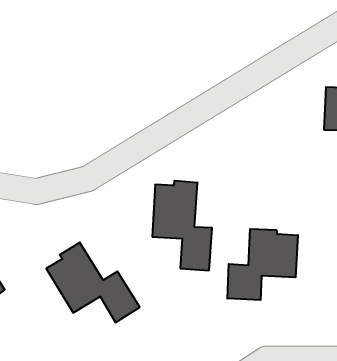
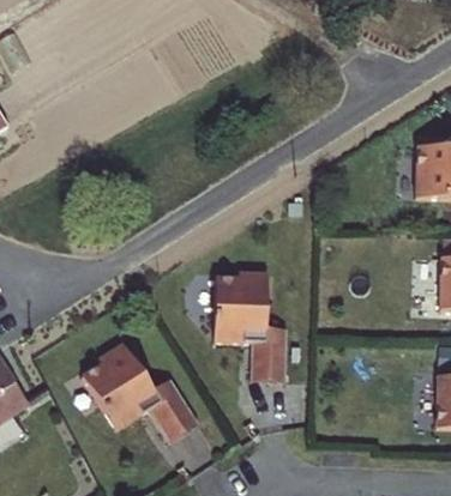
building: [227,229,298,300] -> none

